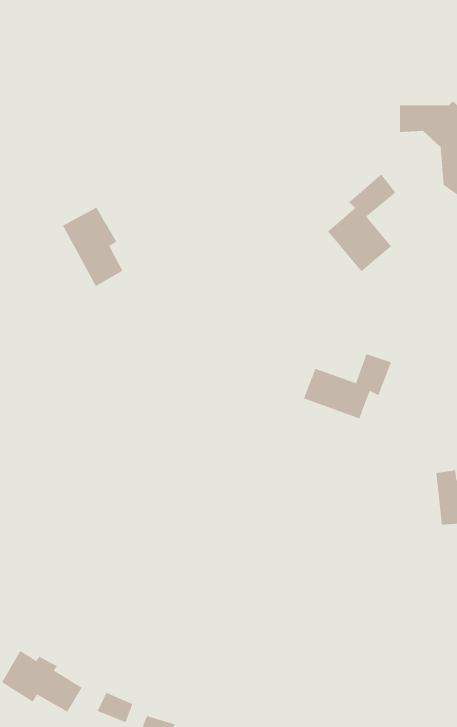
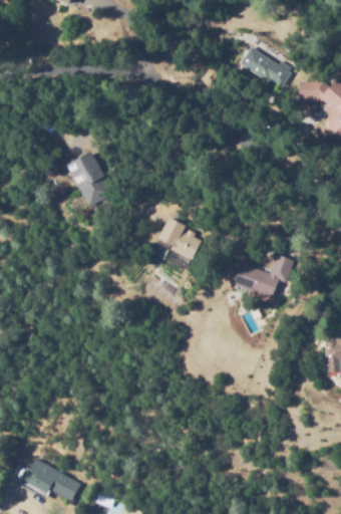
building: none -> [240,47,294,87]
building: [327,174,396,272] -> none
building: none -> [157,214,203,262]

